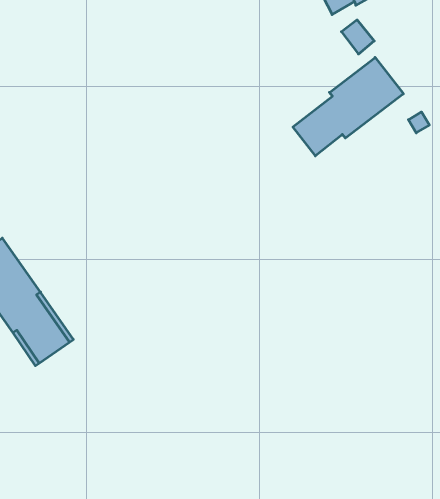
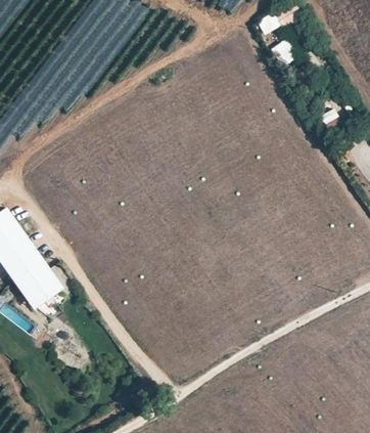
building: [293,57,403,156] -> none

